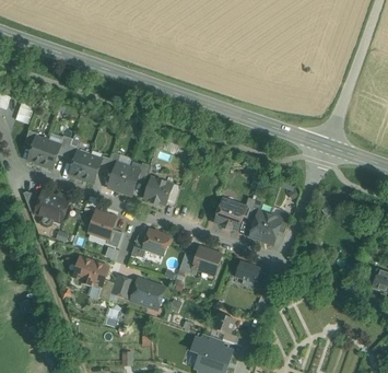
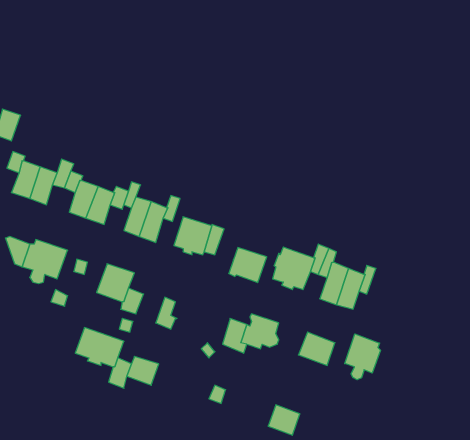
building: [142,229,169,254] -> [229,248,267,283]
building: none -> [345,334,381,380]
building: [131,278,164,307] -> none

